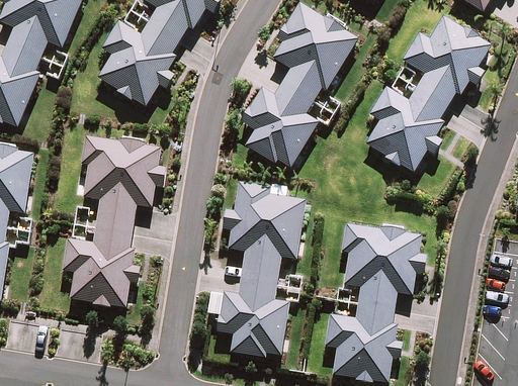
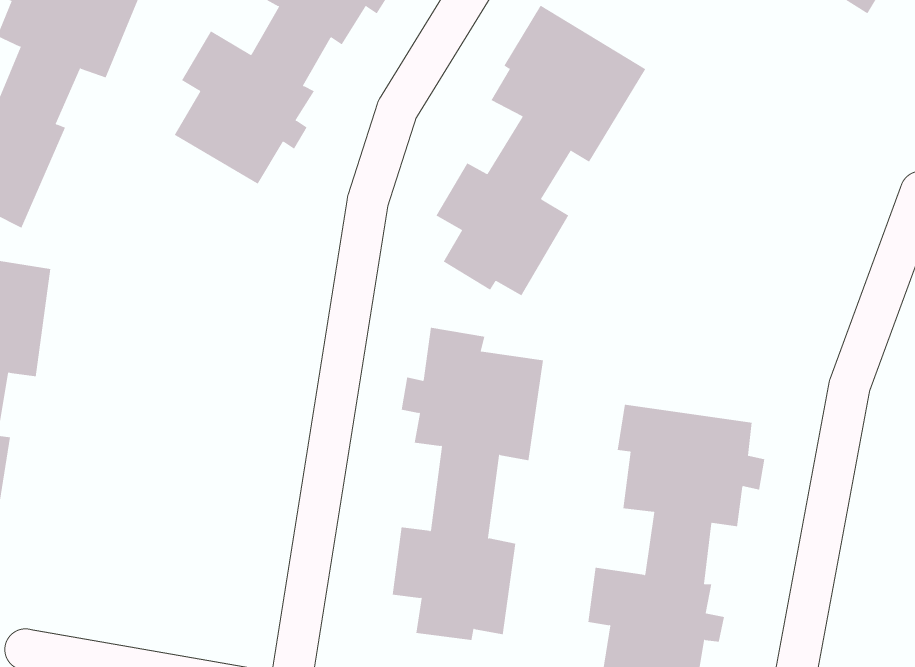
building: [366,17,488,170] -> none
building: [65,136,158,306] -> none

